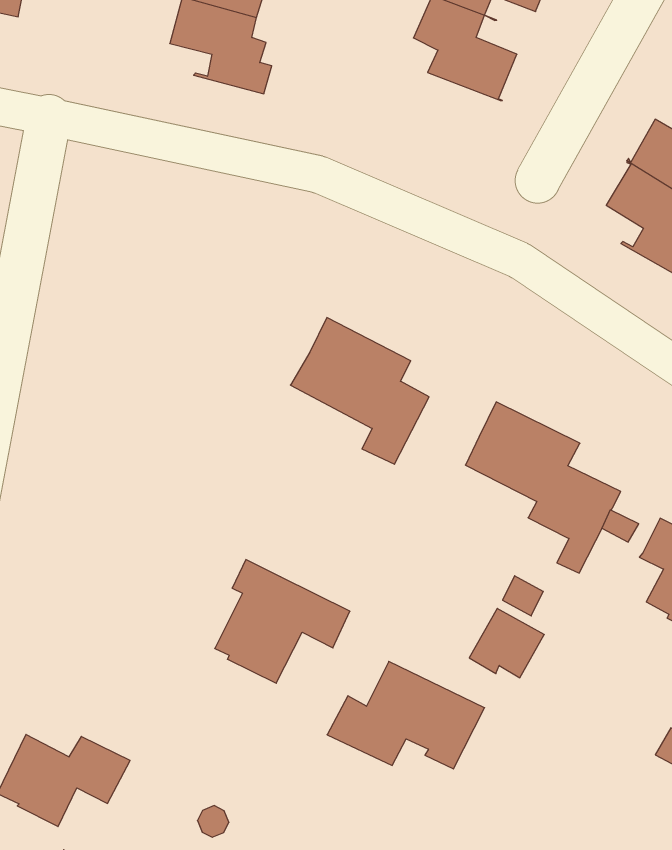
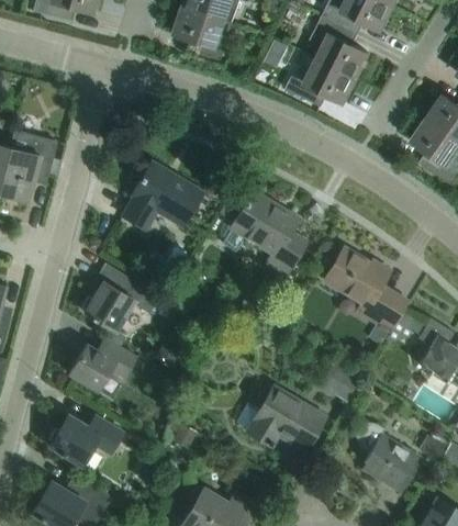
building: none -> [284,59,357,107]
building: none -> [122,160,202,230]
building: [215,560,350,683] -> [83,262,160,333]
building: none -> [68,337,137,391]
building: none -> [356,424,418,491]

